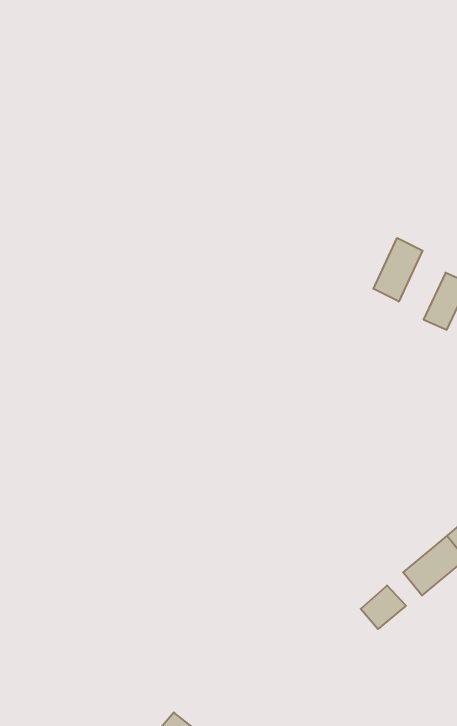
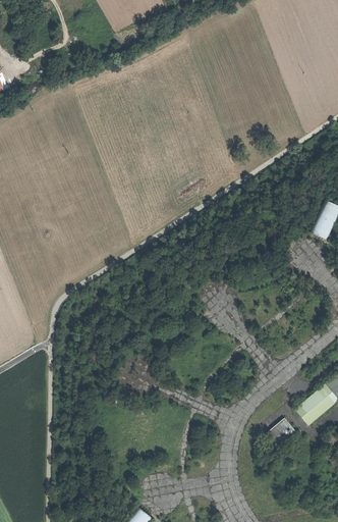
building: [373,238,423,302] -> none

